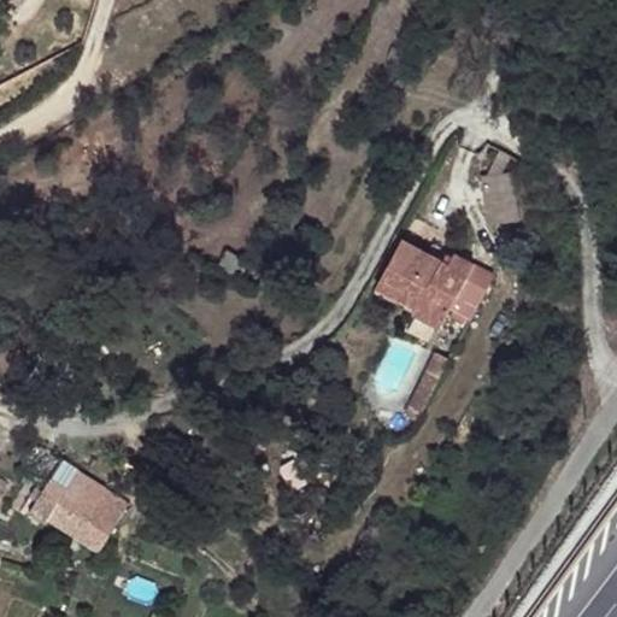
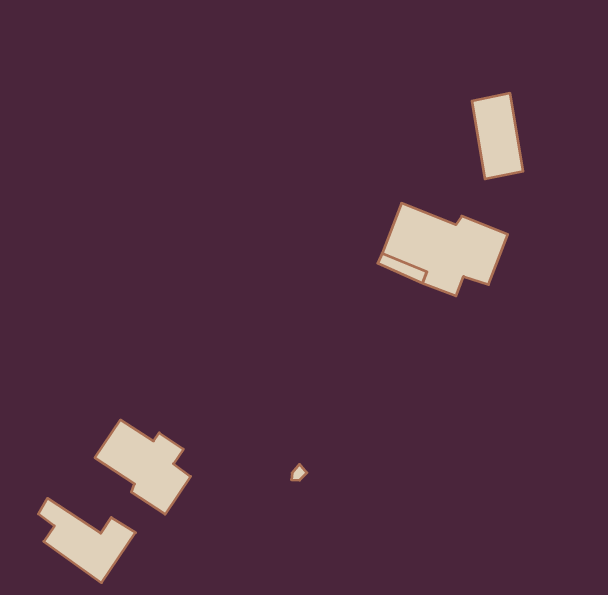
building: none -> [95,420,191,514]

